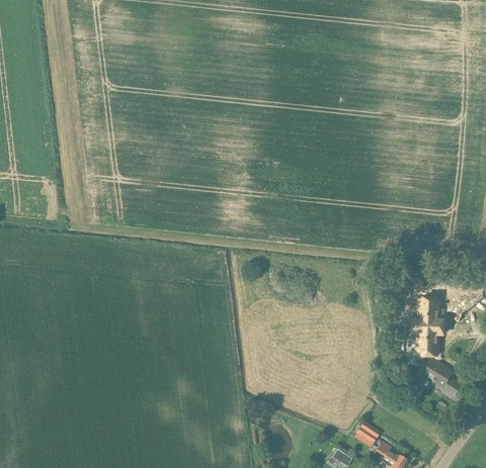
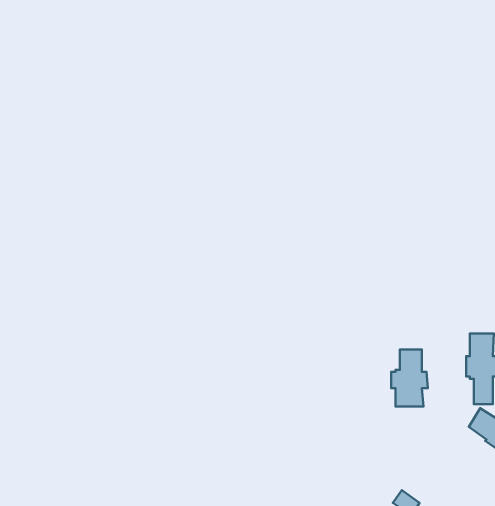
building: none -> [391,349,428,407]

